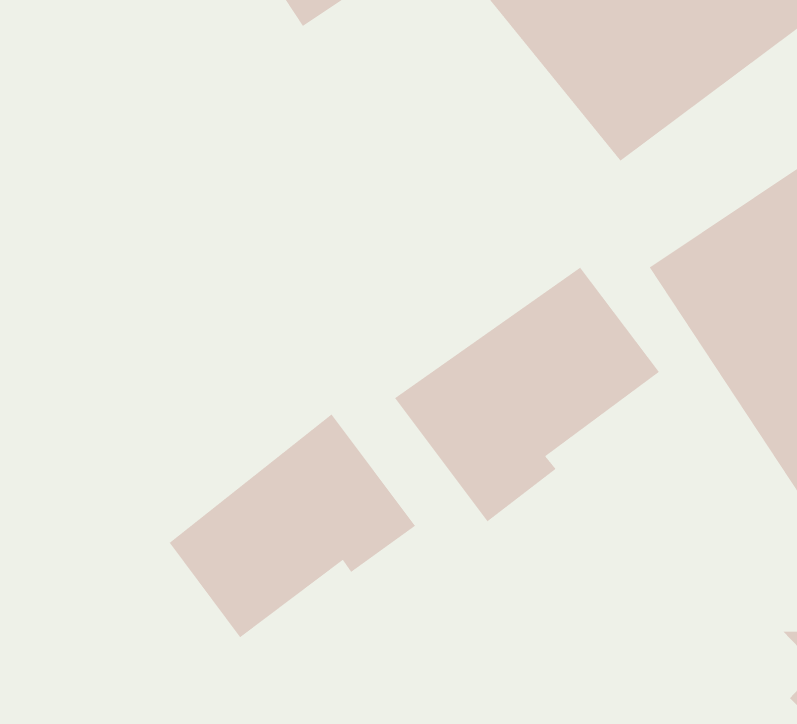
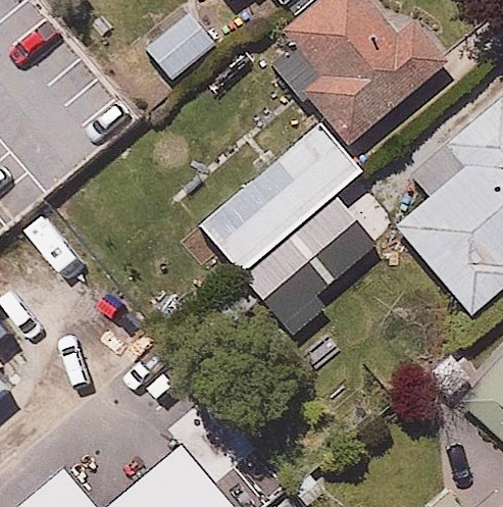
building: none -> [198,121,364,273]
building: [169,414,416,638] -> none

